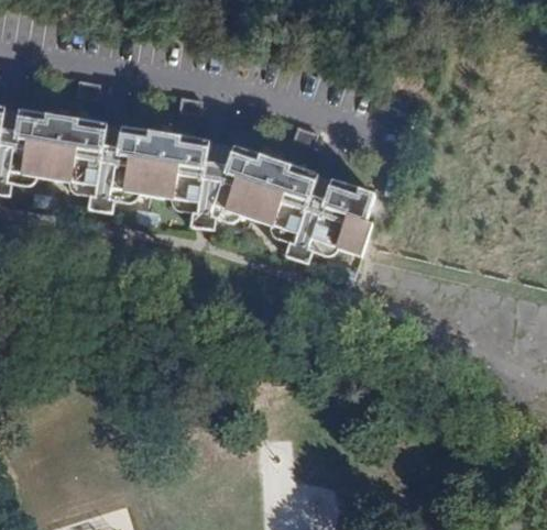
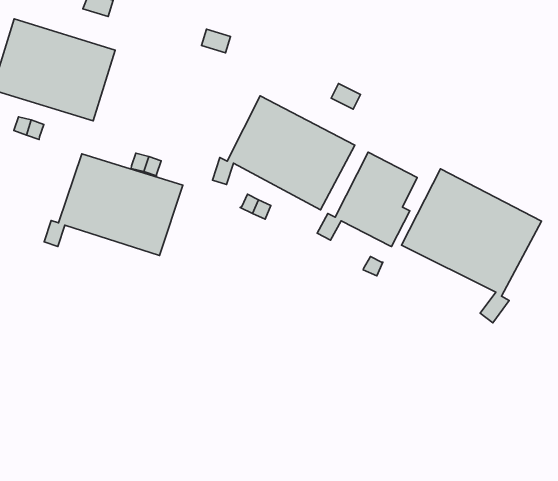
building: [99,126,208,207] -> [44,154,183,256]
building: none -> [401,169,541,323]

